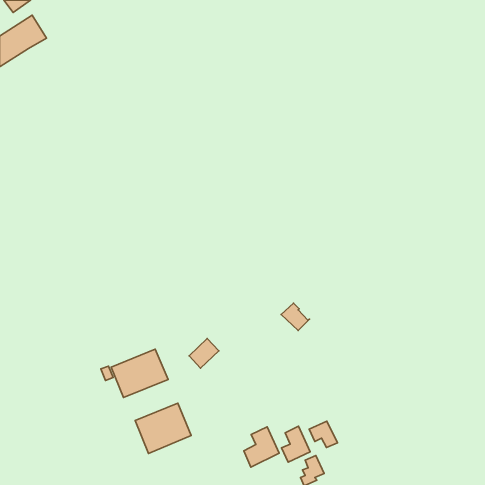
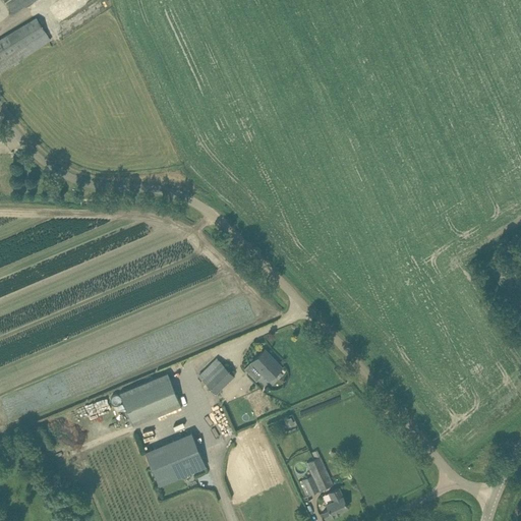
building: [281,303,310,331] -> [250,350,281,380]
building: [309,421,337,448] -> none
building: [244,427,279,467] -> none

